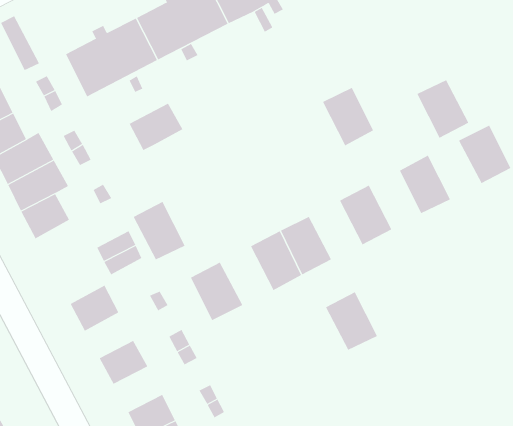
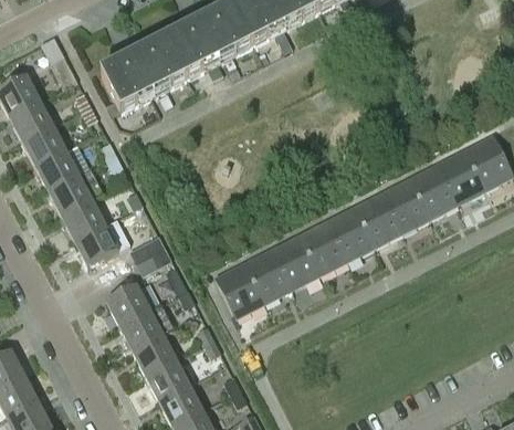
building: [416,79,469,138] -> [434,150,483,204]
building: [322,87,374,146] -> [380,178,428,232]
building: [129,103,183,151] -> none
building: [133,201,186,260] -> [243,248,292,302]
building: none -> [73,223,118,266]
building: [325,292,378,351] -> [325,206,374,260]
building: none -> [118,302,176,350]
building: none -> [145,358,196,400]

